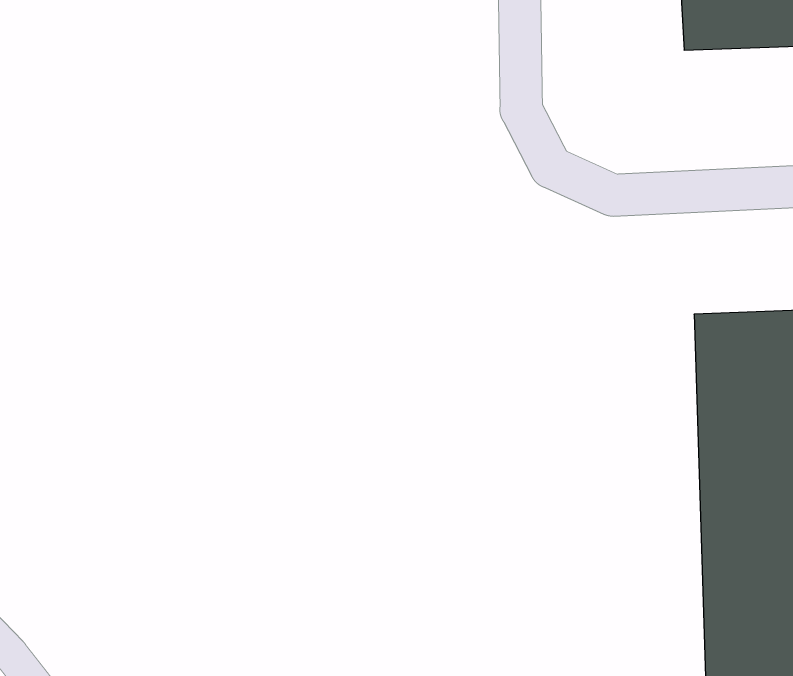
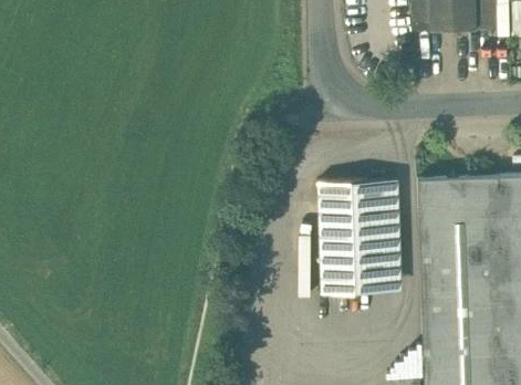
building: none -> [322,179,392,292]

